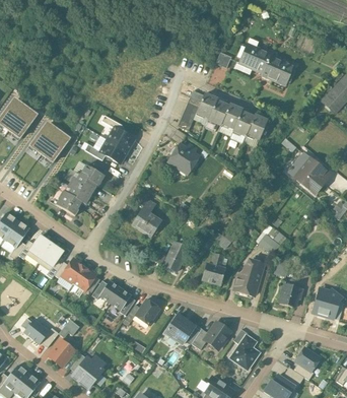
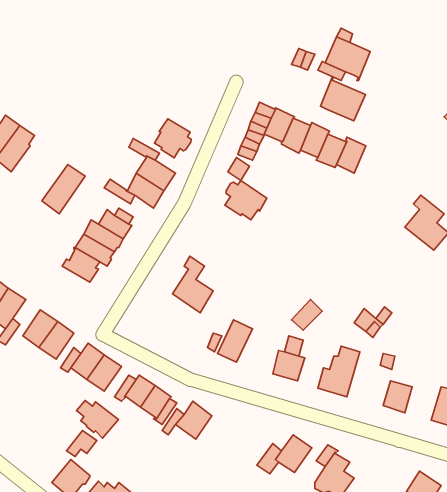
building: [262,54,293,84] -> [321,77,366,121]
building: none -> [154,119,191,158]
building: [28,125,59,158] -> none
building: [164,314,194,344] -> none
building: [20,318,50,344] -> [76,400,119,438]

